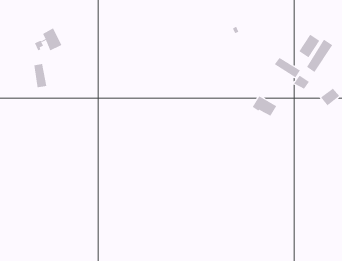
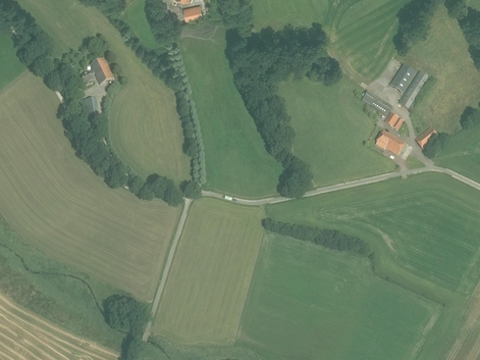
building: [252,96,277,117] -> [375,130,405,154]

